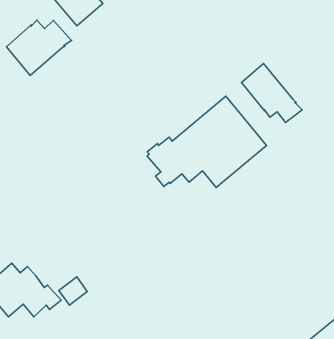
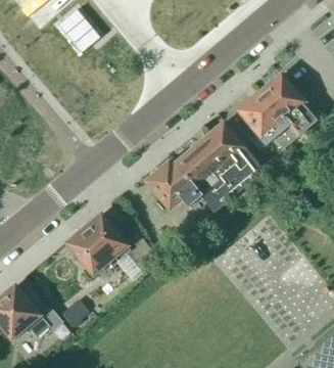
building: [6,20,72,75] -> none
building: none -> [260,75,320,137]
building: none -> [67,214,160,273]

